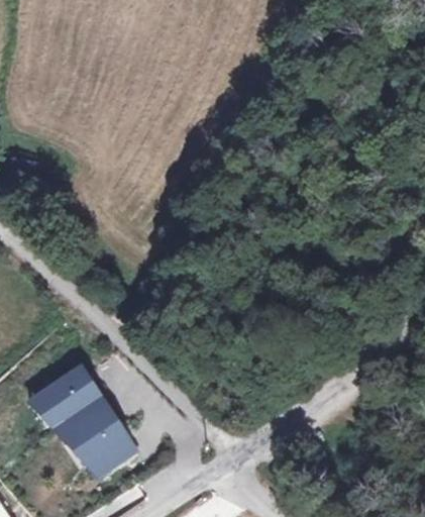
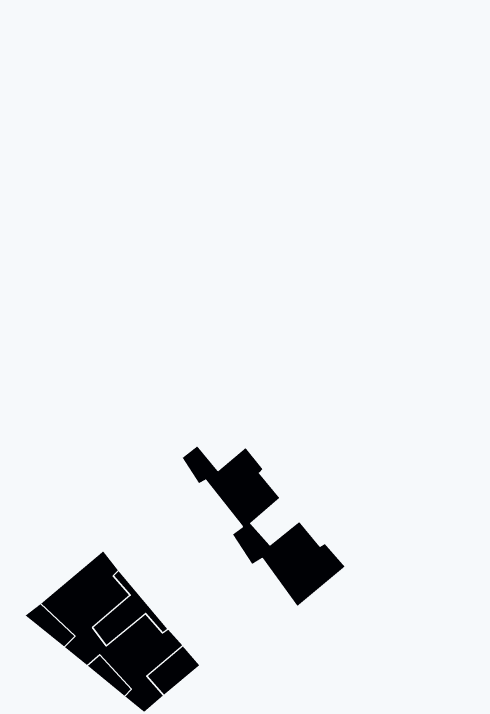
building: none -> [182,445,346,607]

